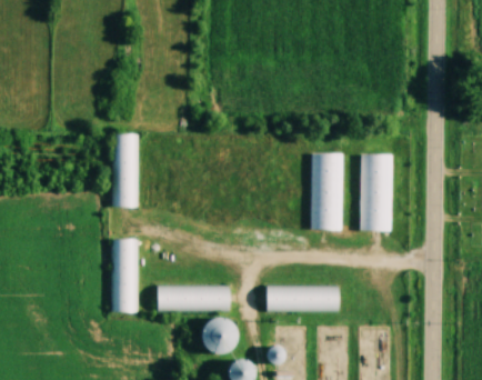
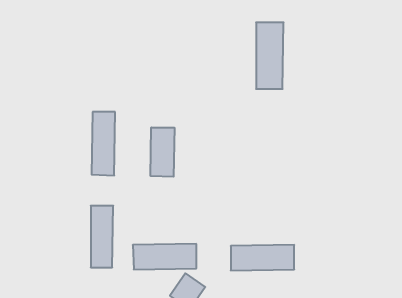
building: none -> [151,127,174,177]
building: [312,152,343,228] -> [256,22,284,89]
building: [359,153,393,228] -> none

